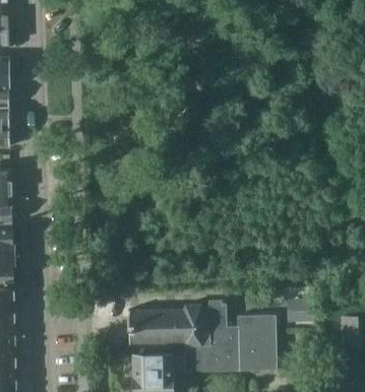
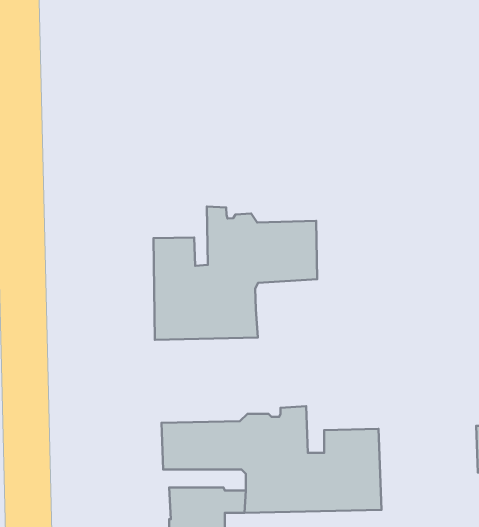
building: none -> [153,207,317,340]

